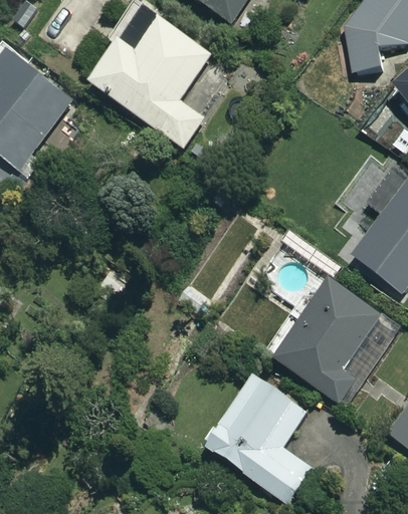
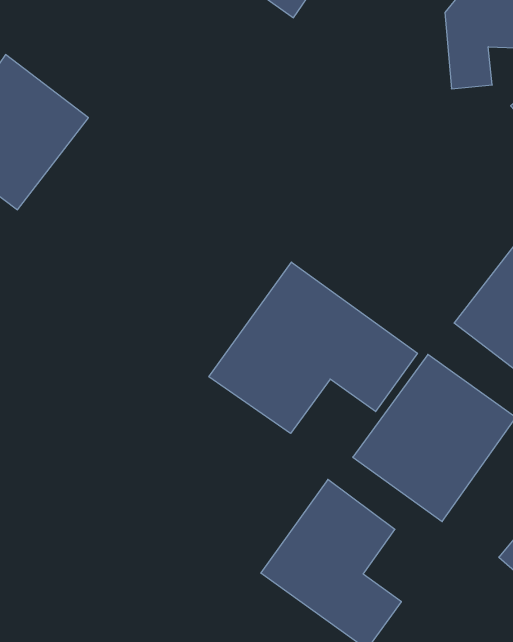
building: [88,17,210,147] -> none
building: none -> [209,262,417,433]

